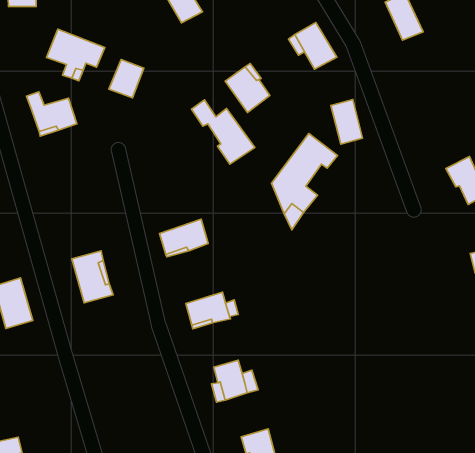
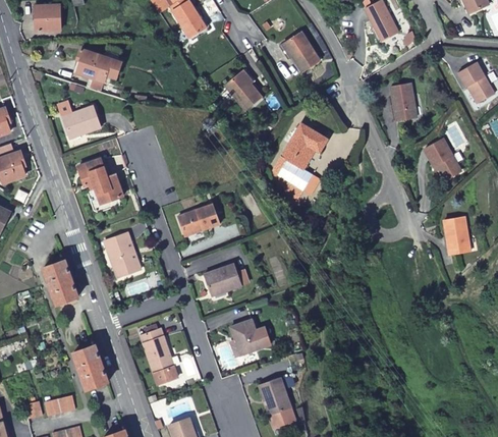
building: [109,60,144,98] -> none
building: [331,99,363,144] -> [386,78,414,117]
building: [191,100,255,164] -> none
building: none -> [80,159,126,204]
building: none -> [142,329,179,387]
building: none -> [71,345,106,389]

